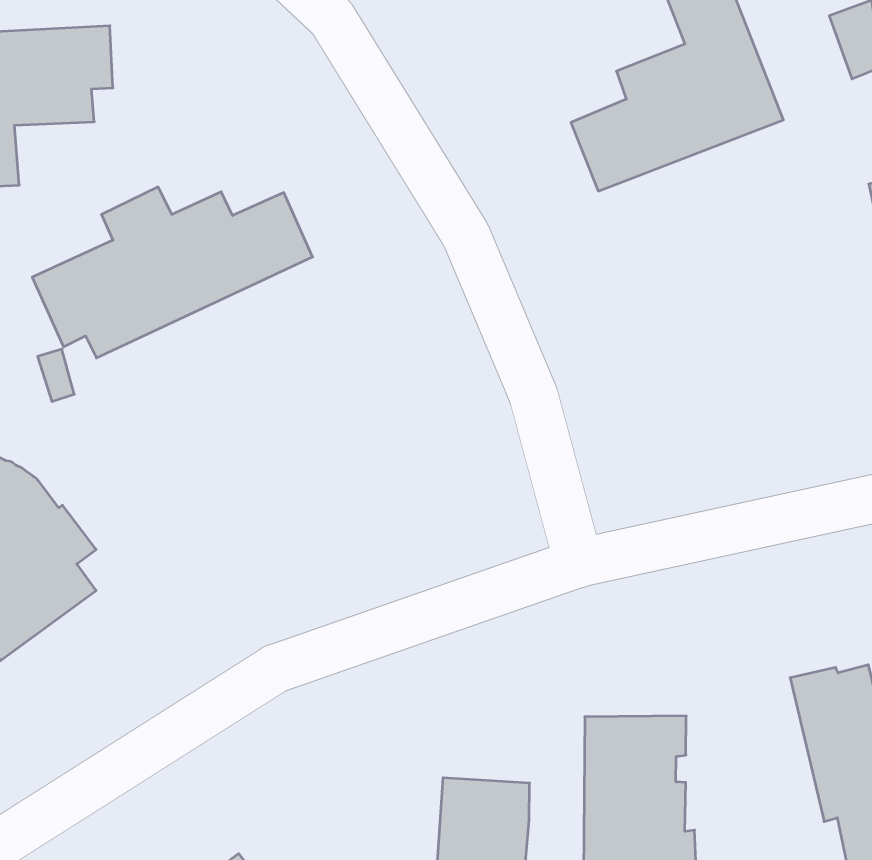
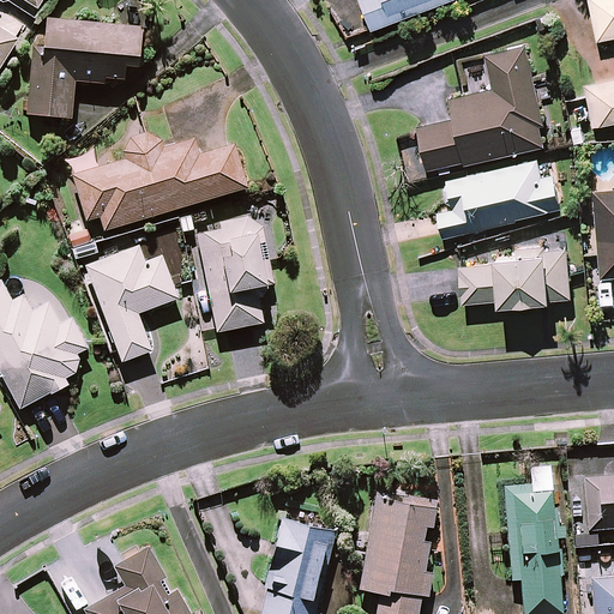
building: none -> [437,157,560,237]
building: none -> [458,247,568,306]
building: none -> [197,217,270,332]
building: none -> [86,247,176,363]

